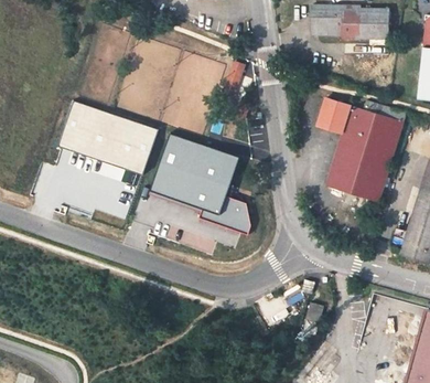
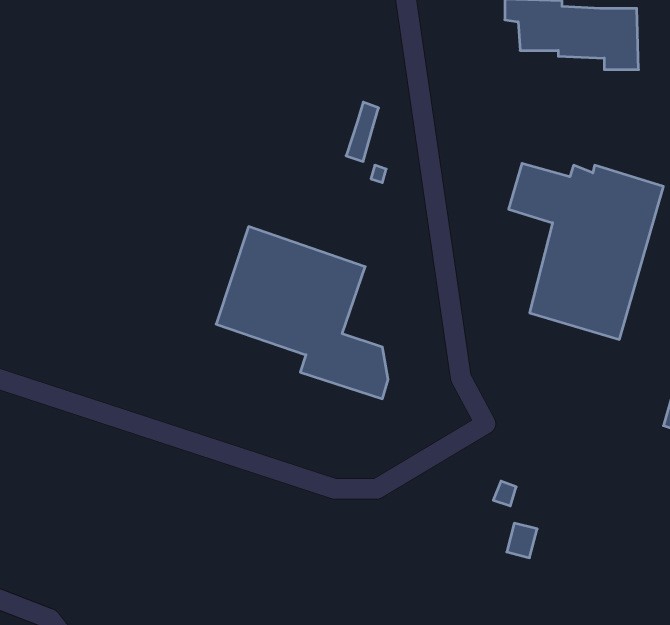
building: [58,102,155,174] -> none

